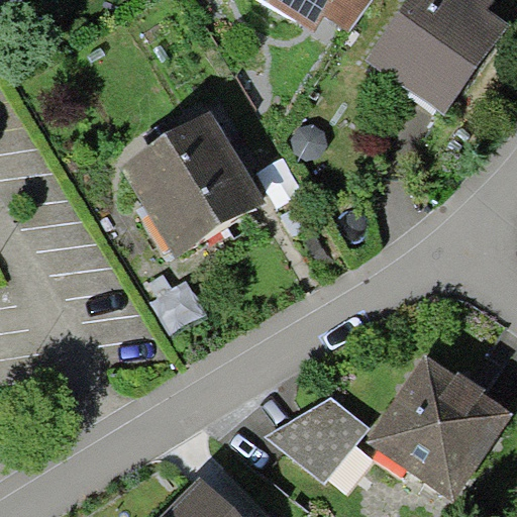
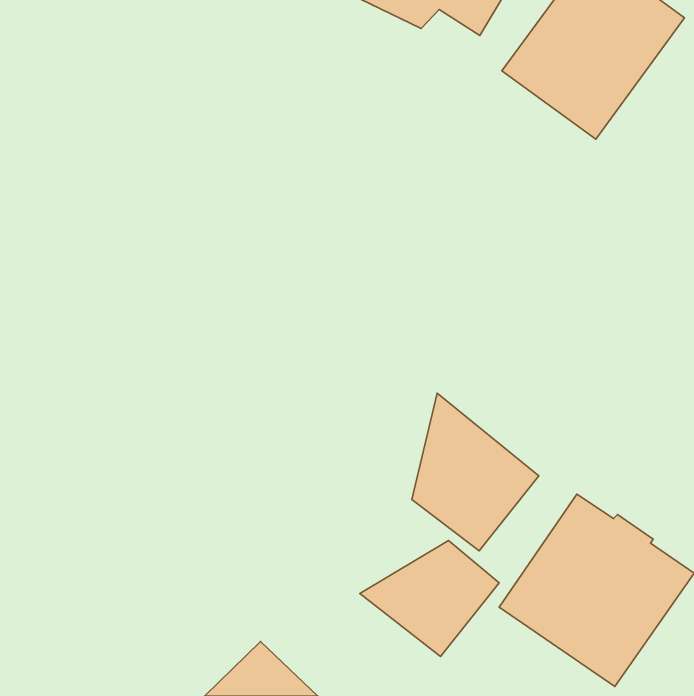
building: [118,112,250,243] -> none
building: none -> [412,393,539,551]

